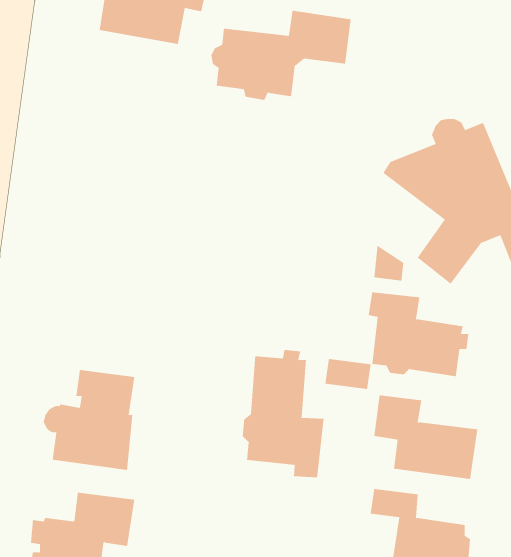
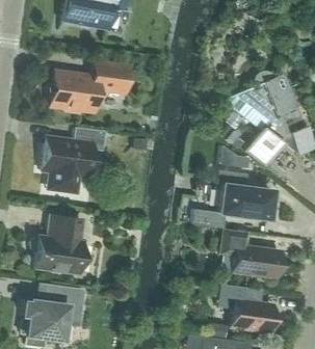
building: [211,10,351,100] -> [49,62,130,114]
building: none -> [43,128,107,193]
building: [242,349,324,478] -> none

